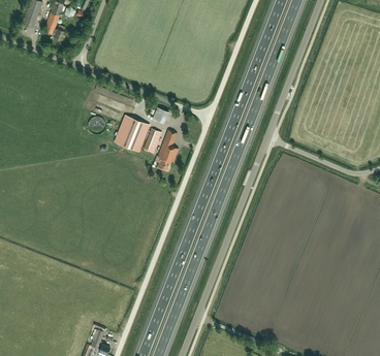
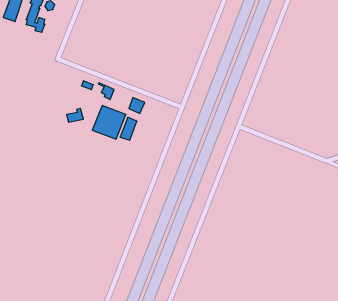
building: [155,129,179,169] -> none

